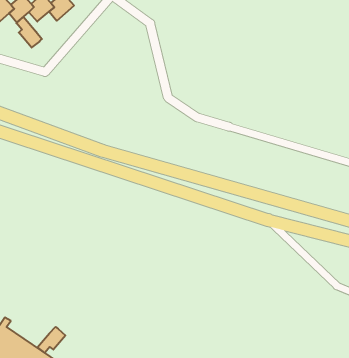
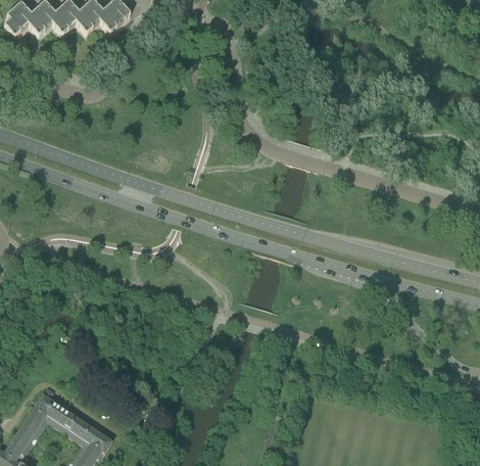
building: [16,17,42,48] -> none
building: [38,327,65,353] -> none

